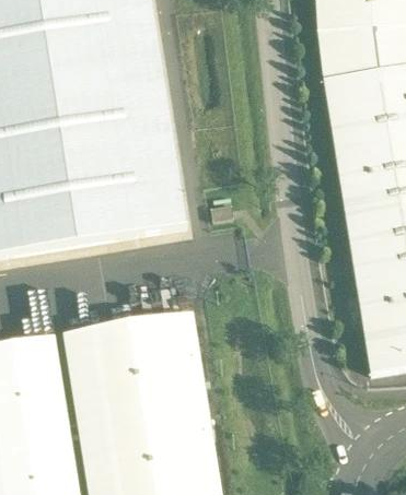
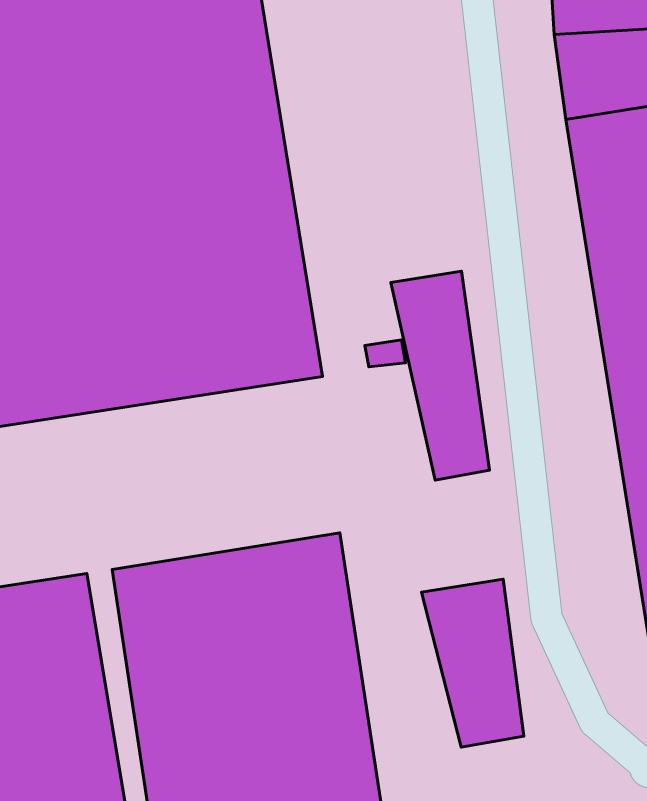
building: none -> [391,271,489,480]
building: none -> [422,579,524,747]

